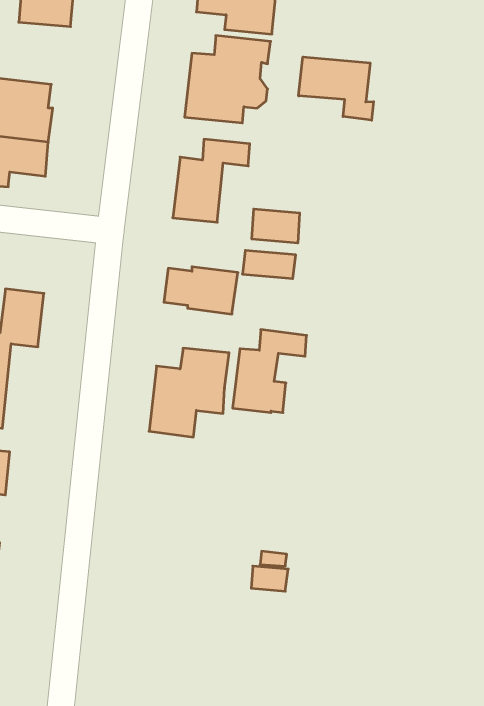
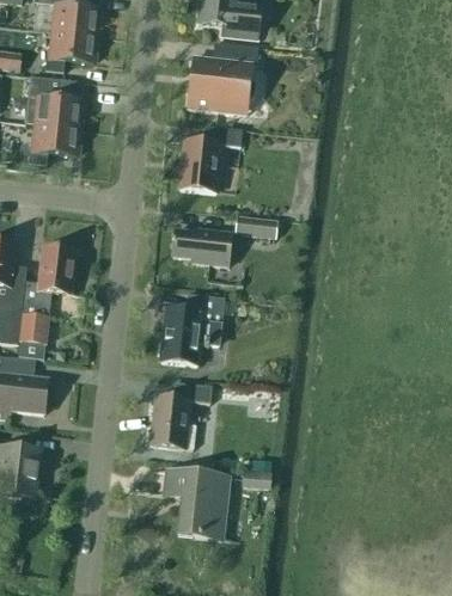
building: none -> [44,31,96,72]
building: [299,57,374,120] -> none
building: [252,209,300,243] -> none
building: [233,330,307,413] -> [151,381,210,448]
building: none -> [164,469,228,539]

